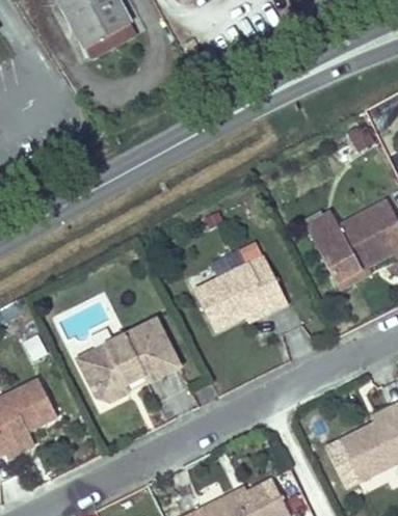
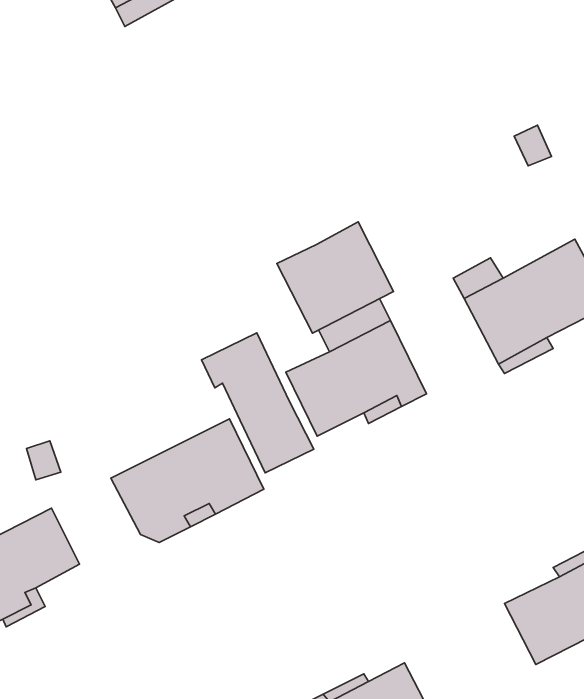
building: none -> [277,222,393,333]
building: none -> [201,333,314,473]

